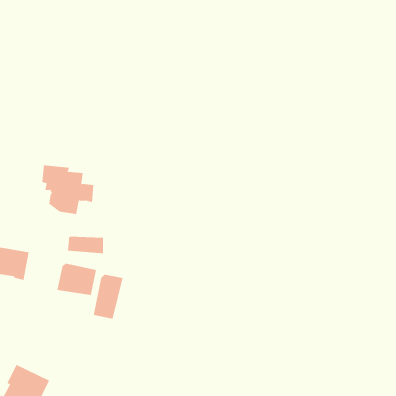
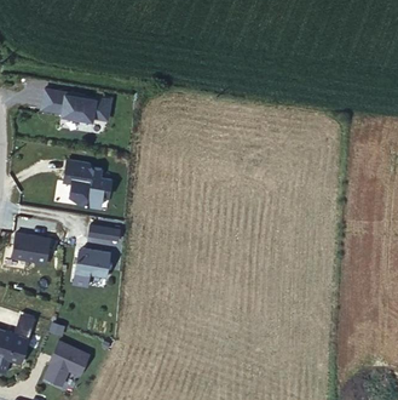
building: none -> [46,91,116,125]
building: [93,274,123,320] -> none

